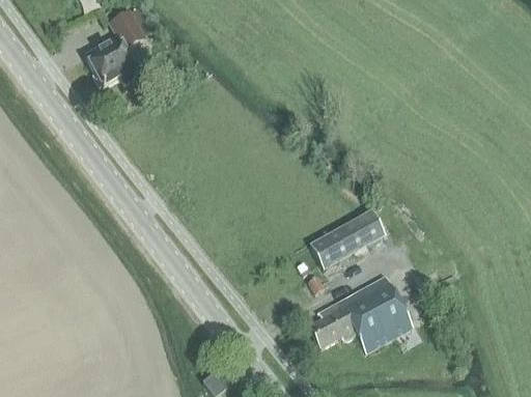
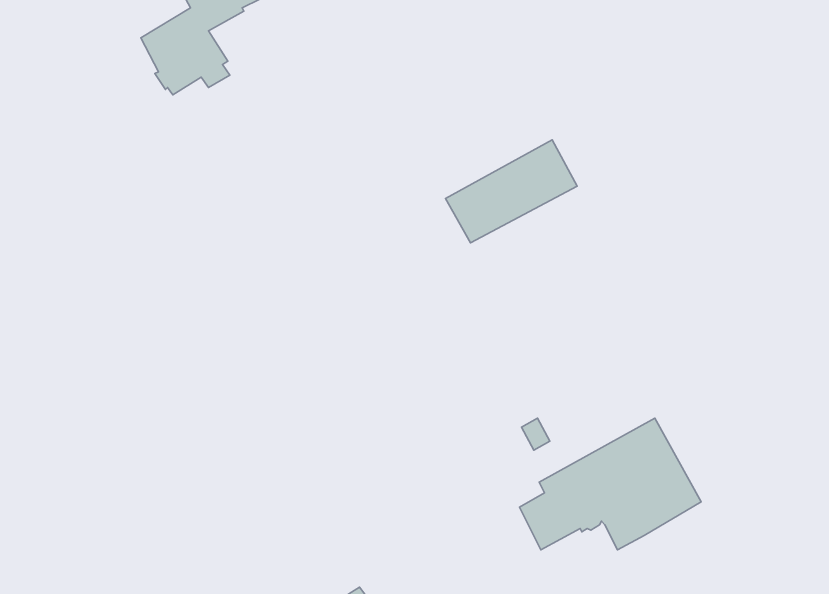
building: [309,209,386,270] -> [446,140,577,243]

